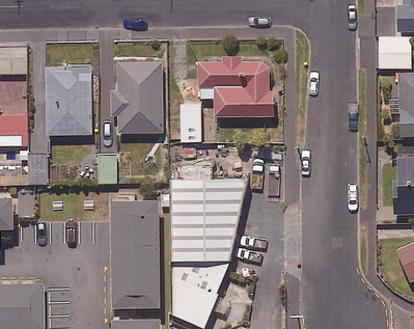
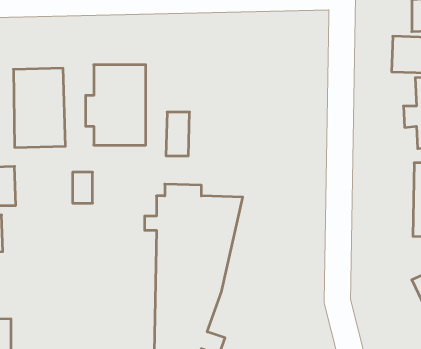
building: [197,55,274,117] -> none
building: [109,199,160,306] -> none

